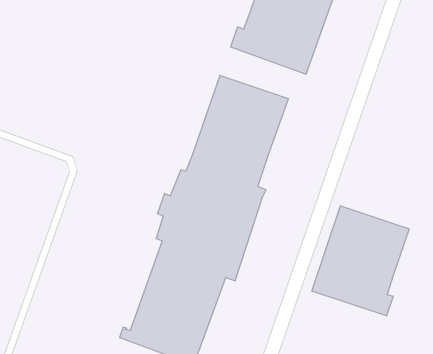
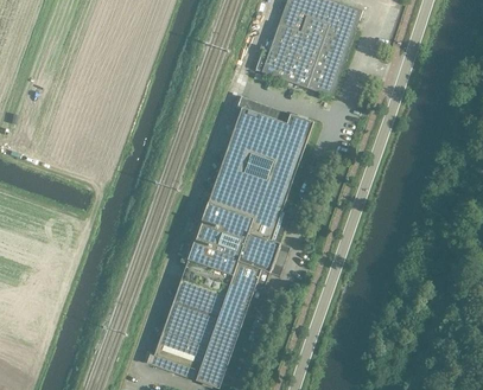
building: [312,206,409,316] -> none

